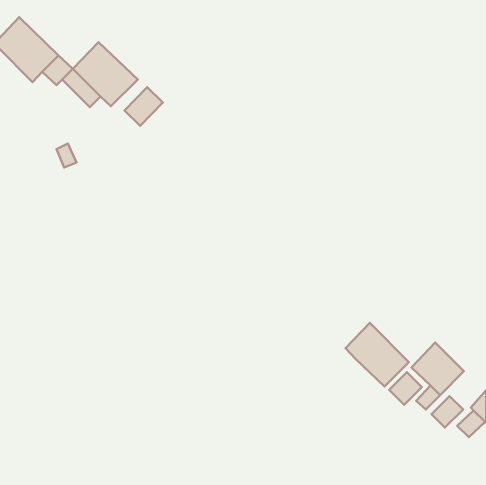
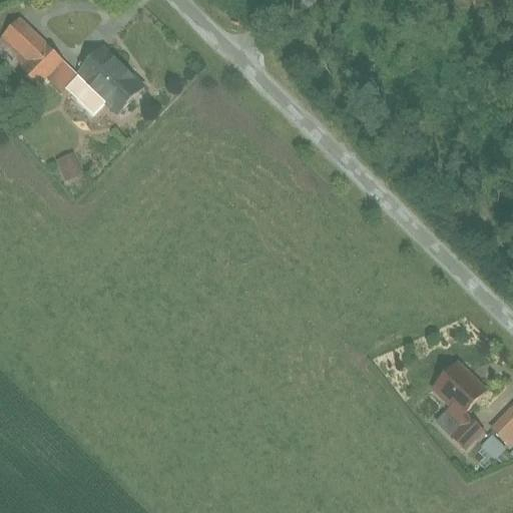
building: [125,87,163,126] -> none
building: [345,323,409,387] -> none
building: [389,372,422,405] -> none

